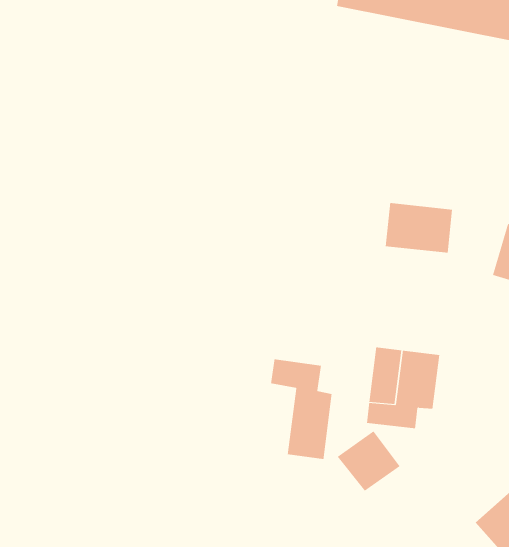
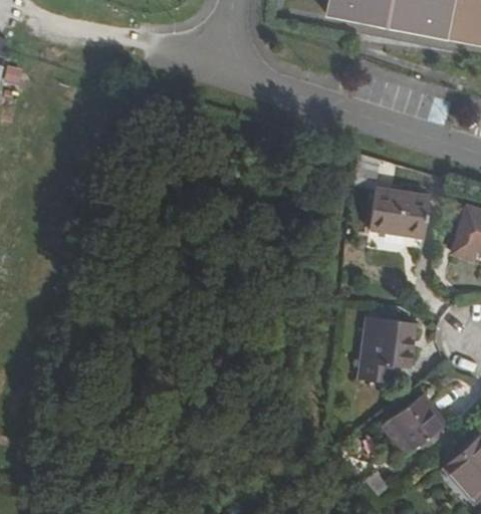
building: [271,359,332,460] -> none
building: [337,430,400,492] -> [391,394,446,447]

